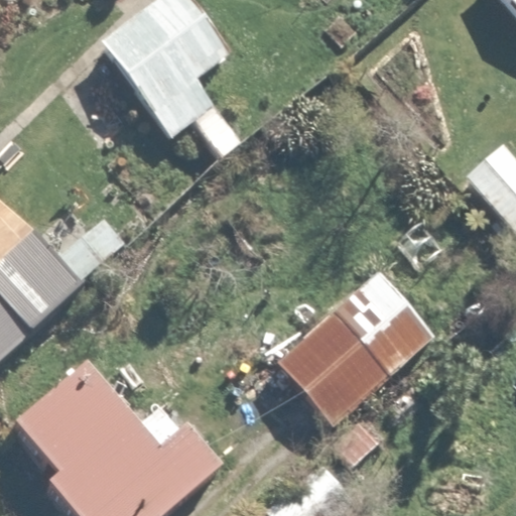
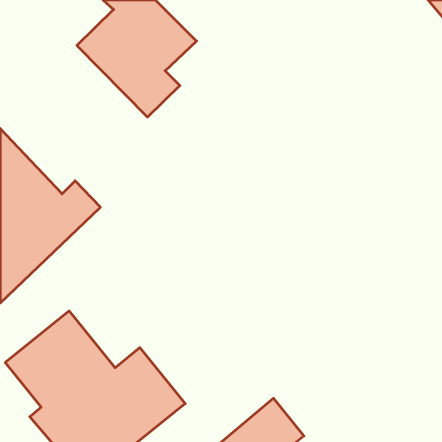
building: [272,267,450,432] -> none

